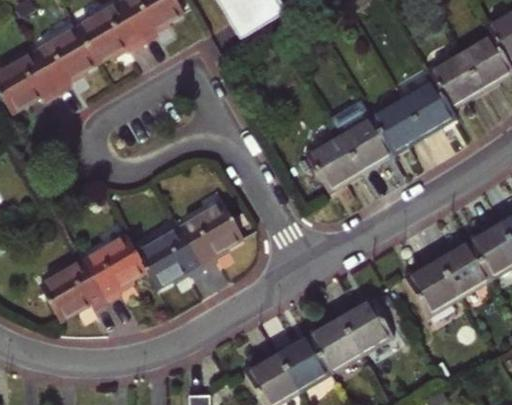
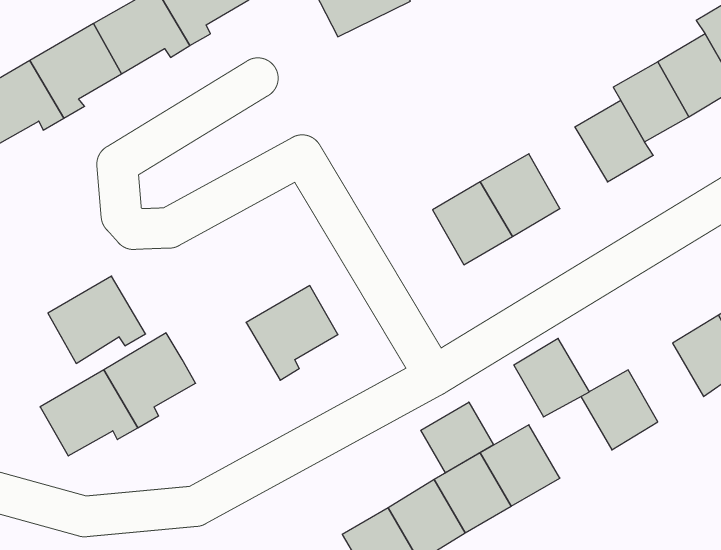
building: [372,97,425,152] -> none
building: [138,229,204,288] -> [48,276,146,363]
building: [439,243,490,296] -> [514,338,589,417]
building: none -> [421,402,494,473]

